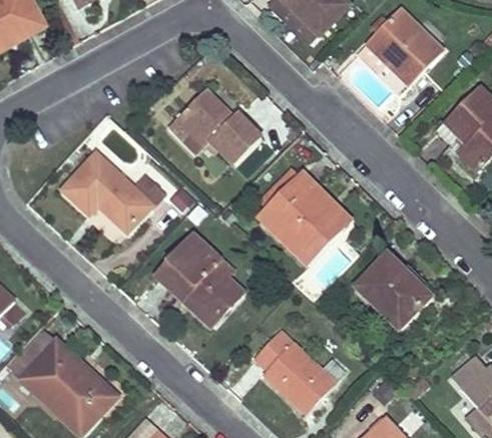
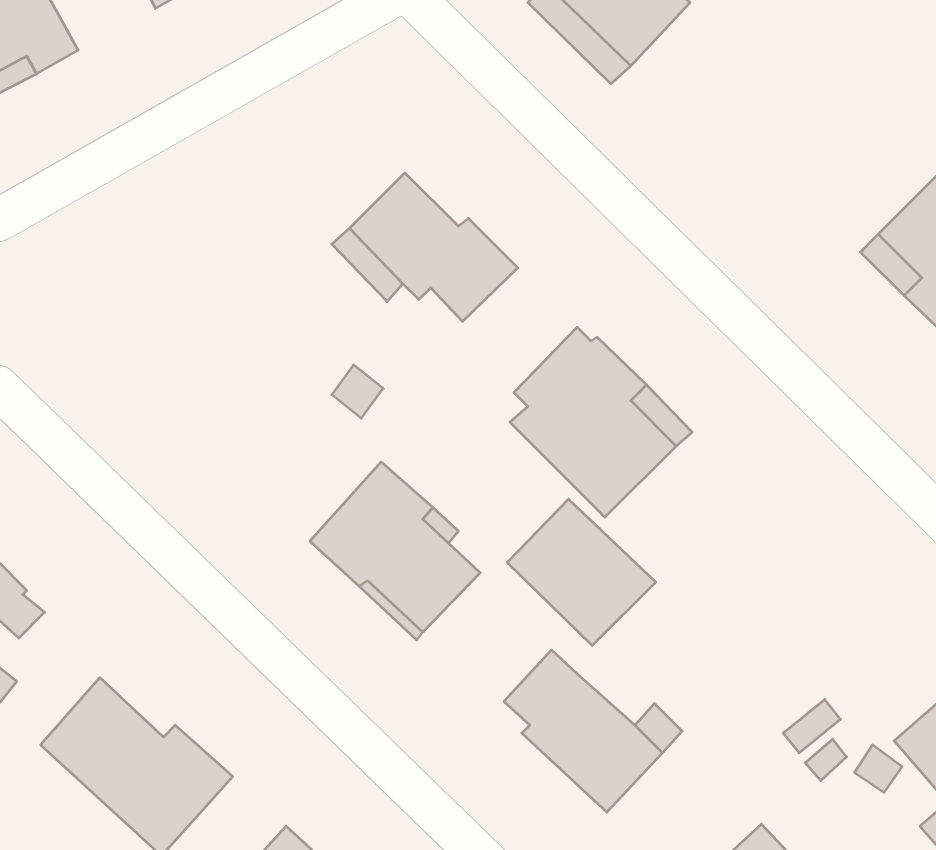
building: [368,9,442,83] -> none
building: [63,153,163,230] -> none
building: [357,255,432,329] -> [507,499,656,645]
building: [6,326,89,379] -> none

